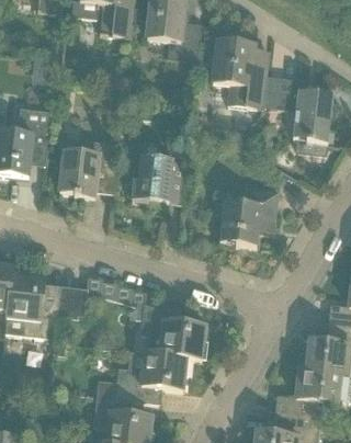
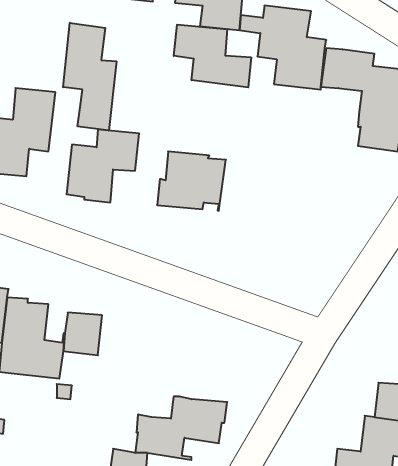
building: none -> [63,23,116,131]
building: none -> [174,25,251,87]
building: [220,185,279,245] -> none
building: [141,303,206,357] -> none

